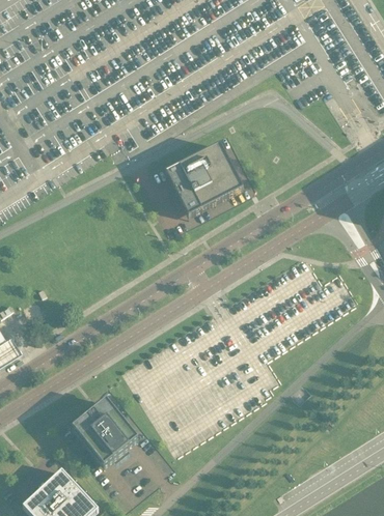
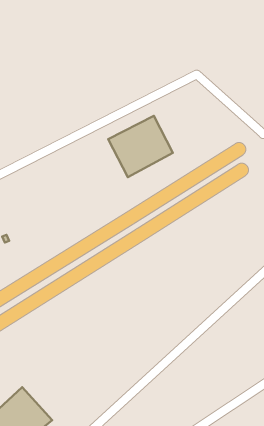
building: [70,395,138,464] -> none

